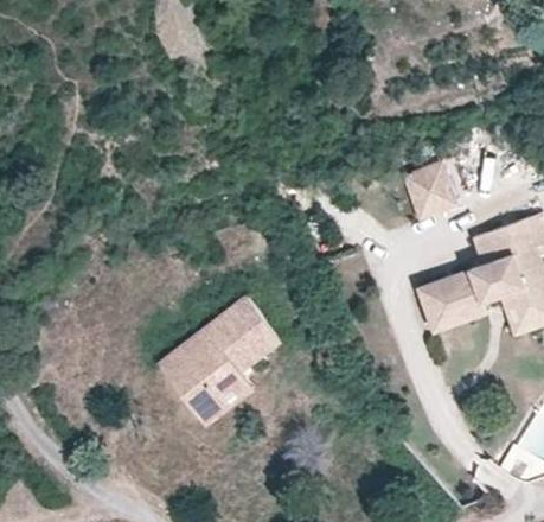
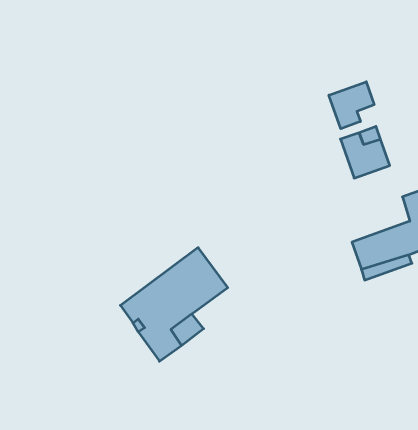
building: none -> [329,82,374,129]

